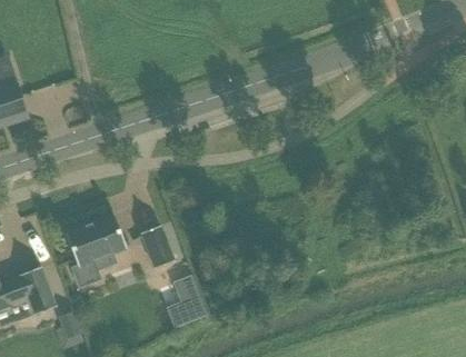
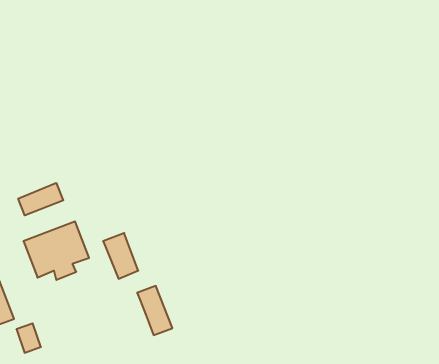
building: none -> [18,183,63,215]

